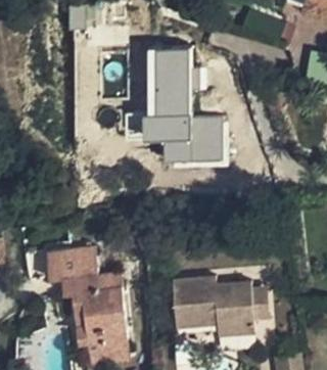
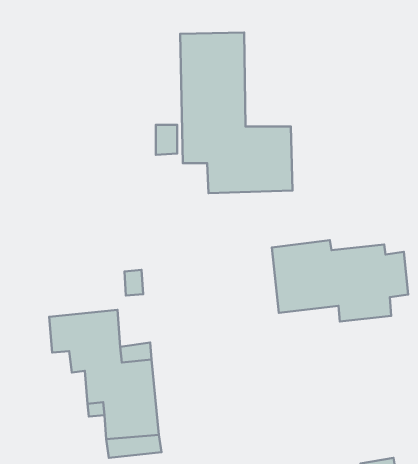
building: [176,273,274,331] -> [272,240,408,321]

